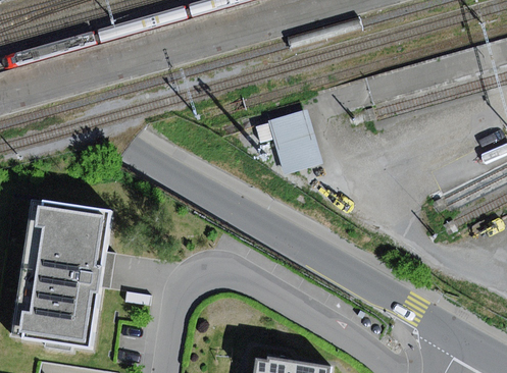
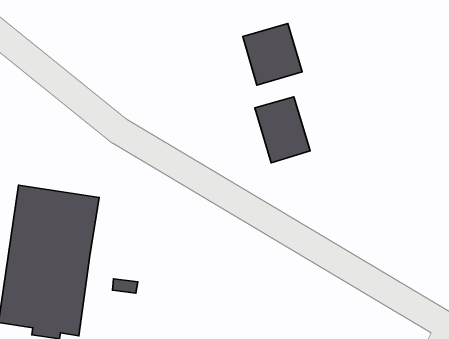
building: none -> [243,24,302,85]

